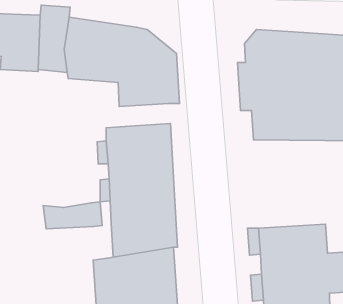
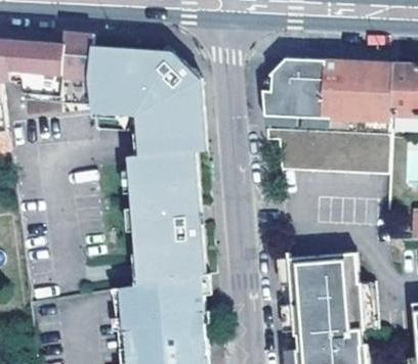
building: none -> [148,133,200,156]
building: [43,202,102,229] -> none

